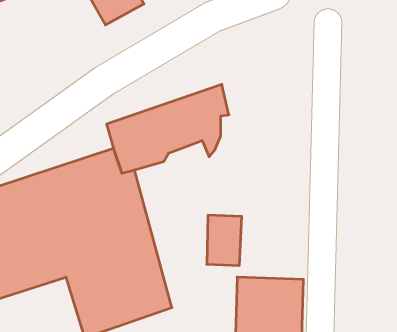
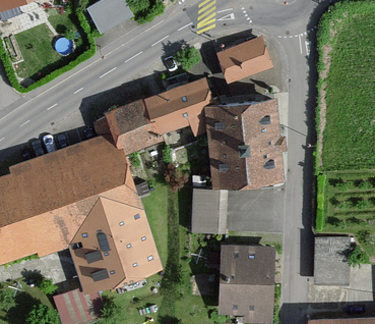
building: none -> [212,37,272,89]
building: none -> [205,101,279,191]
building: none -> [310,244,351,289]

